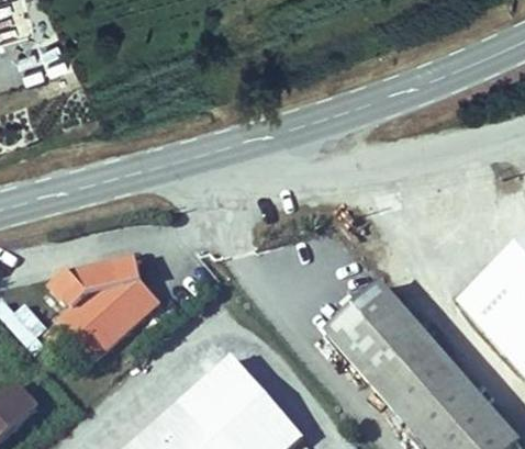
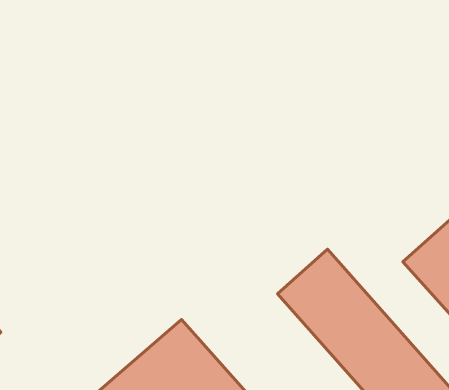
building: [59,259,159,357] -> none

